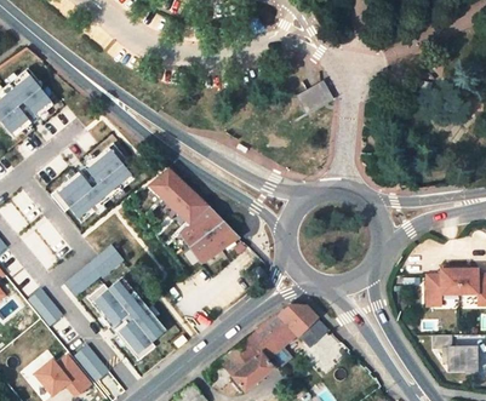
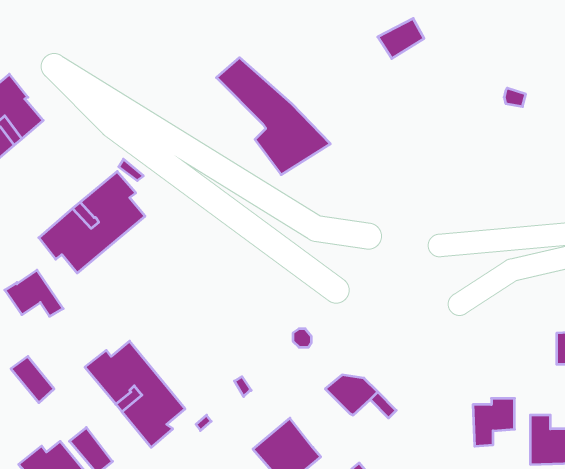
building: [296,82,332,114] -> [378,18,424,59]
building: [148,168,238,260] -> [216,58,330,175]
building: [64,245,122,297] -> none
building: [424,270,457,308] -> [473,398,515,446]
building: [247,314,295,360] -> none

